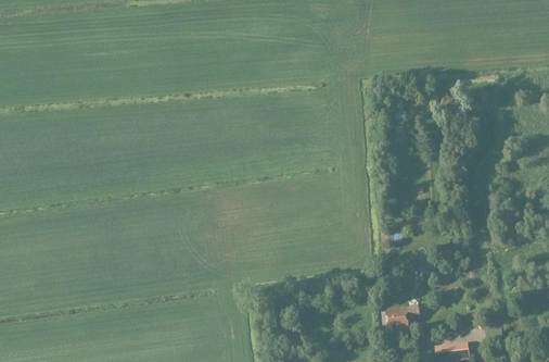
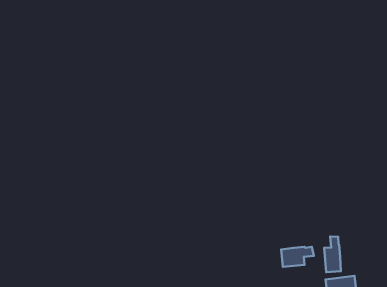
building: none -> [324,236,341,272]

